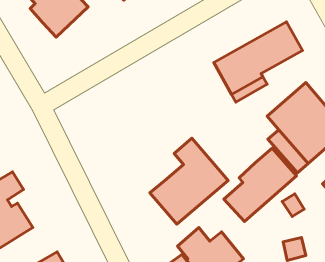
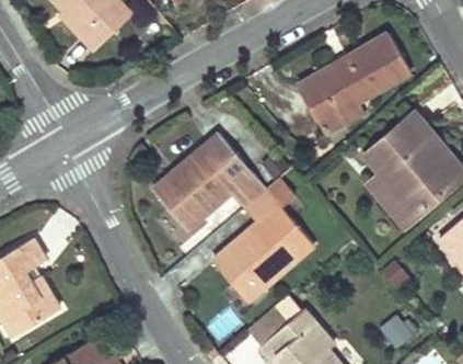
building: none -> [152,129,266,227]
building: [224,148,296,221] -> none

